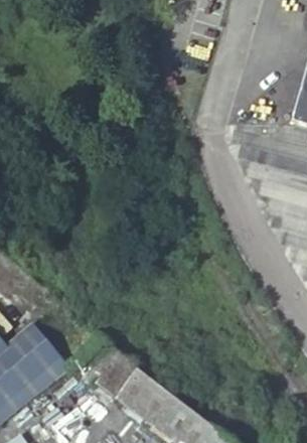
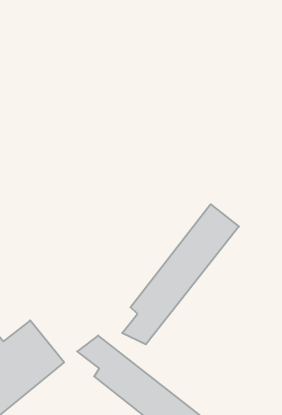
building: none -> [122,204,239,344]

